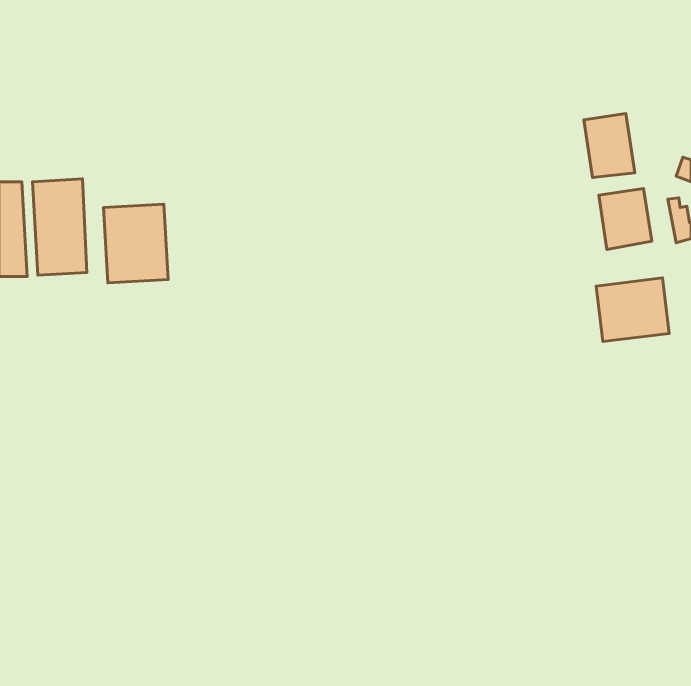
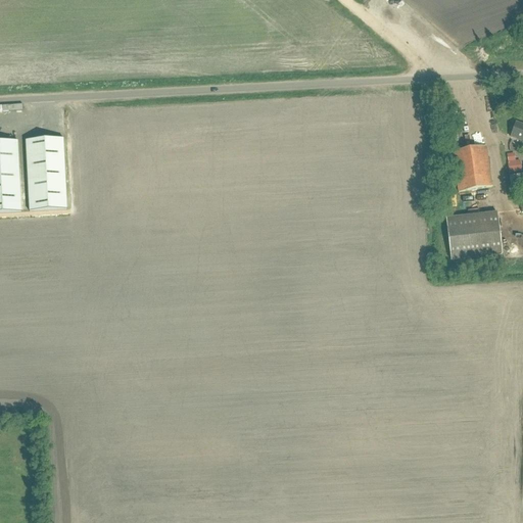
building: [584,113,635,178] -> none
building: [104,204,168,283] -> none

